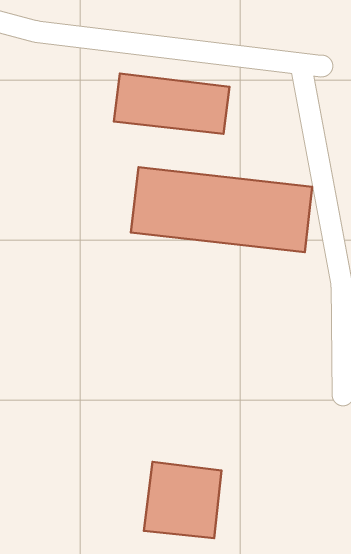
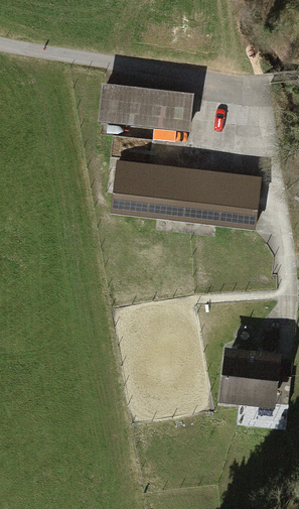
building: [144,462,221,538] -> [218,346,282,408]

